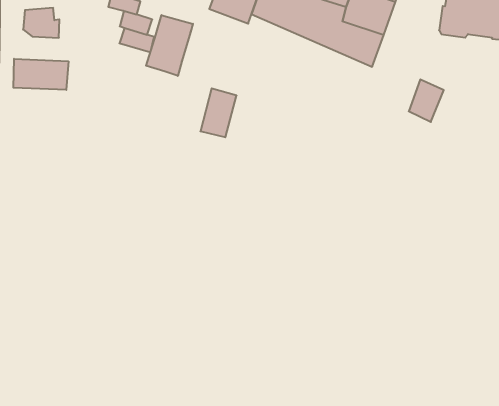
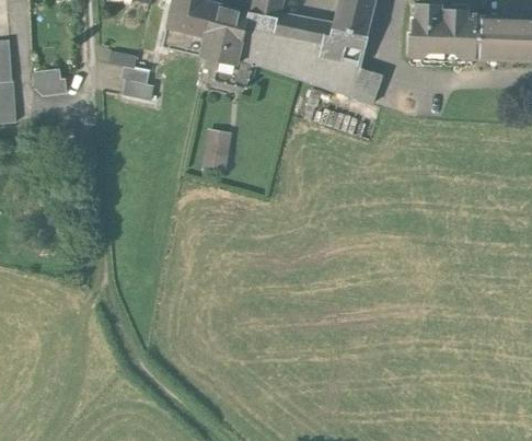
building: [146,15,193,76] -> none
building: [13,59,68,90] -> none
building: [409,79,444,122] -> [350,65,380,102]

